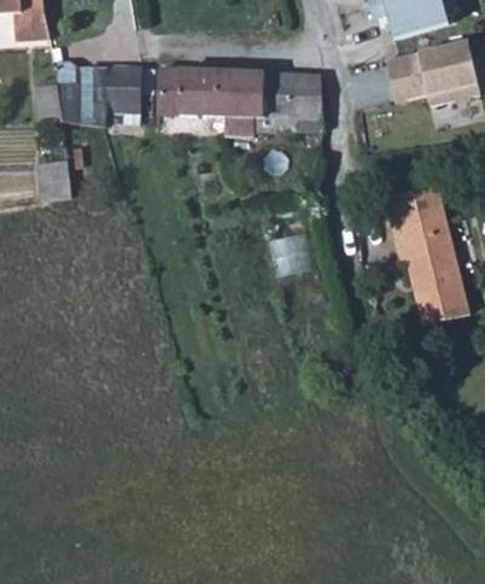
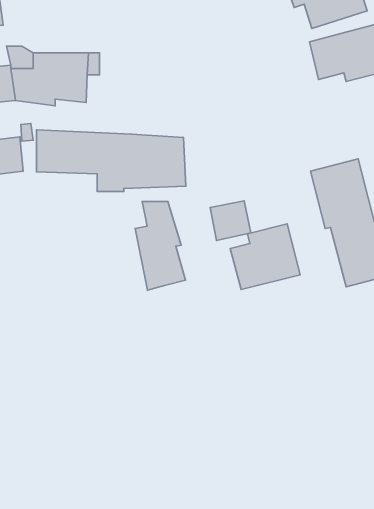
building: [160,68,323,135] -> [36,130,186,192]
building: none -> [135,201,185,290]
building: none -> [230,224,300,290]

